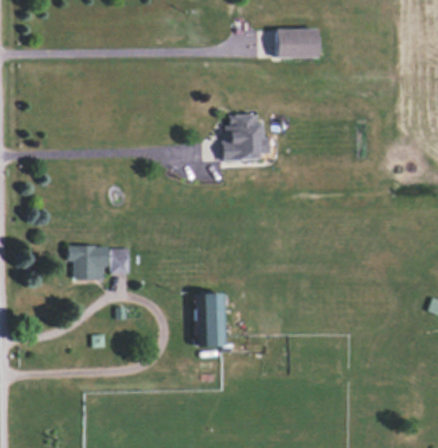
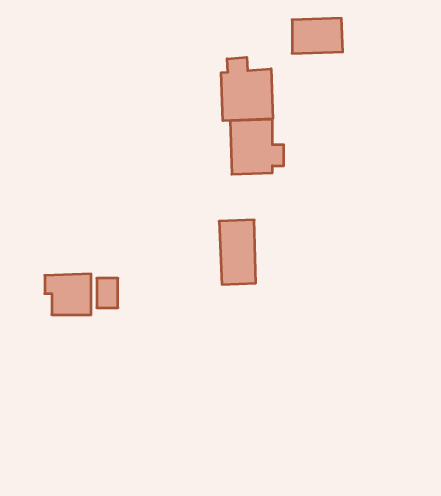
building: none -> [221,57,273,121]
building: [195,292,226,347] -> [219,220,256,284]

